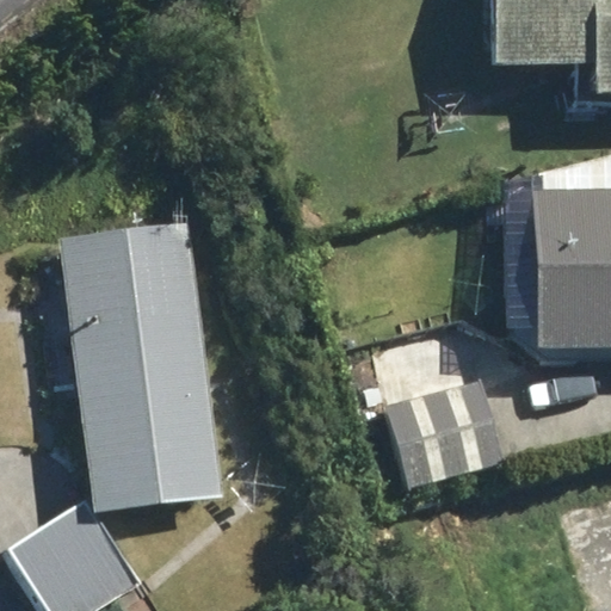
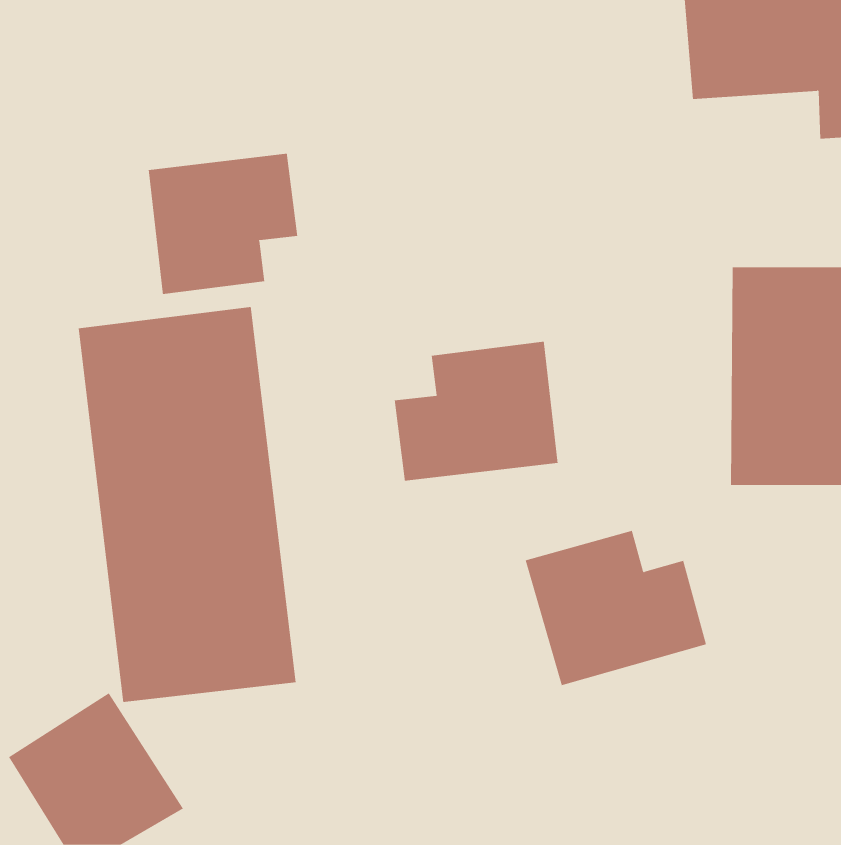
building: none -> [148,153,298,295]
building: none -> [394,341,558,482]

